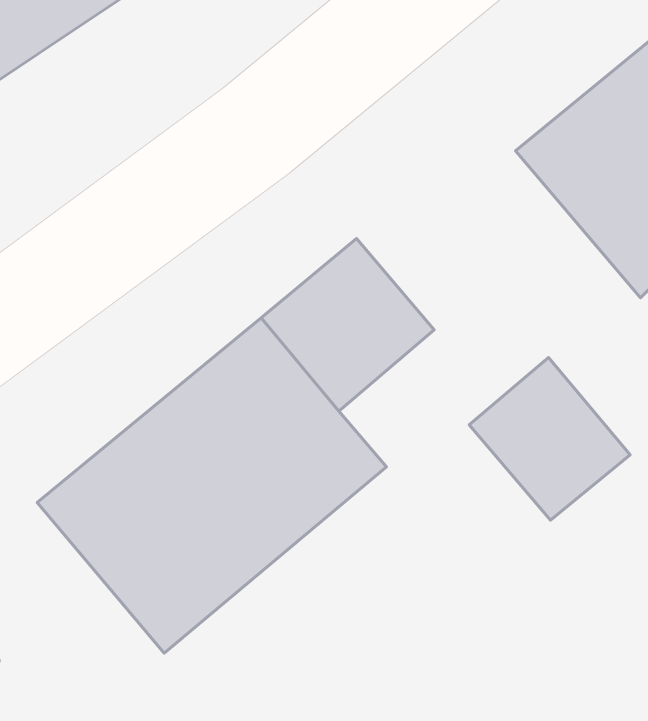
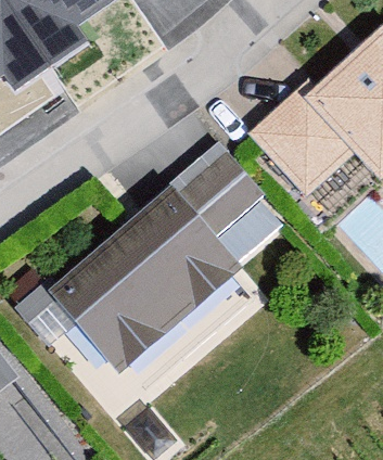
building: [469,357,630,520] -> [247,100,335,189]

